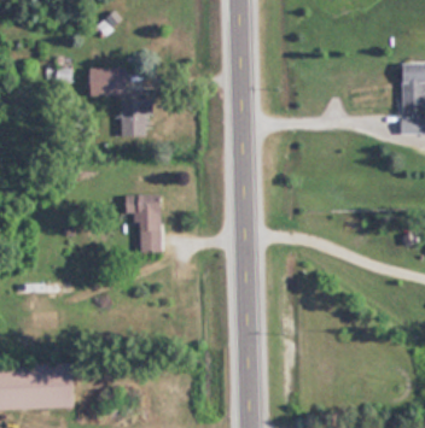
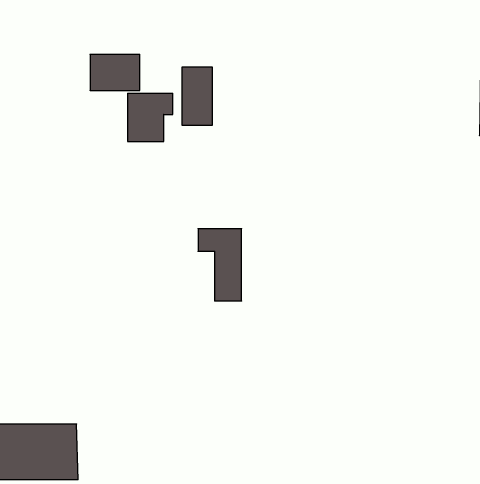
building: none -> [182,67,212,125]
building: [126,195,161,253] -> [198,229,242,301]

